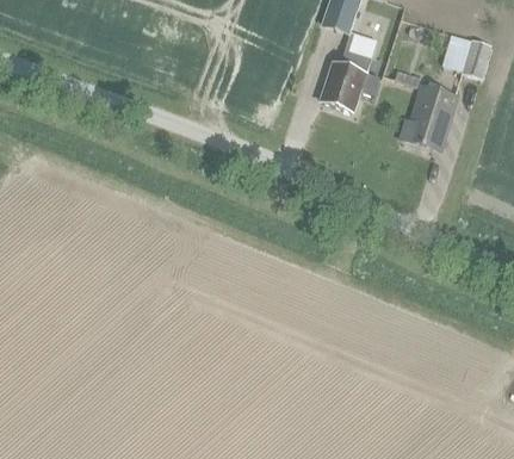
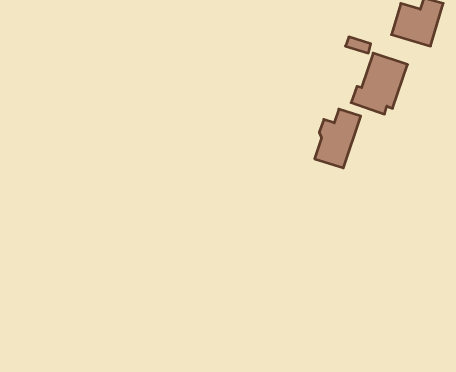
building: [323,50,371,111] -> [315,109,361,168]

